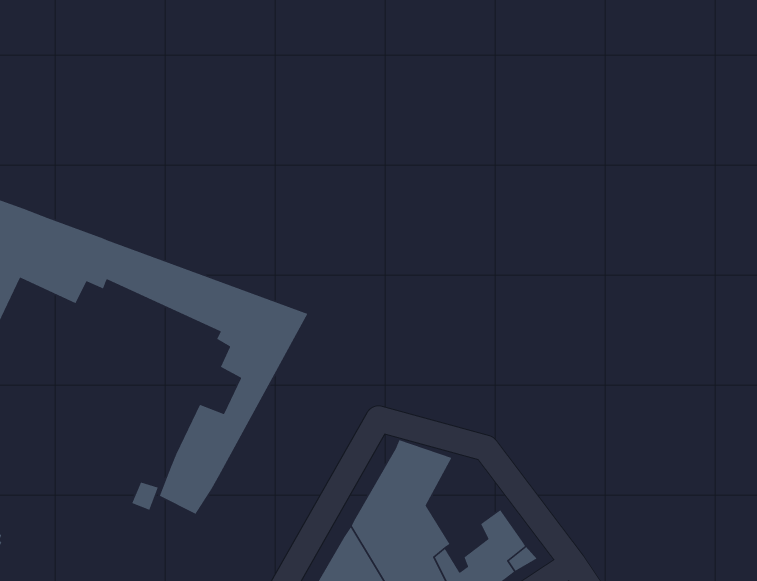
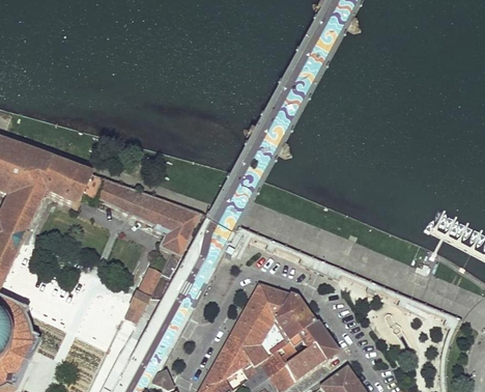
building: none -> [275,293,316,342]

